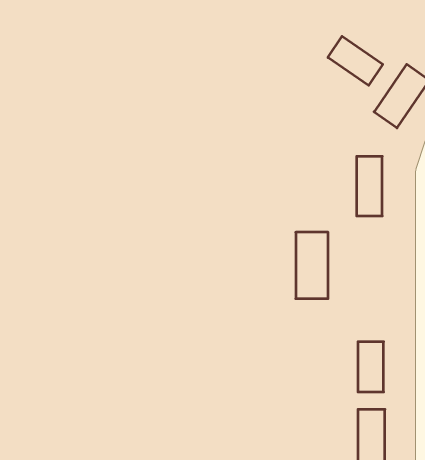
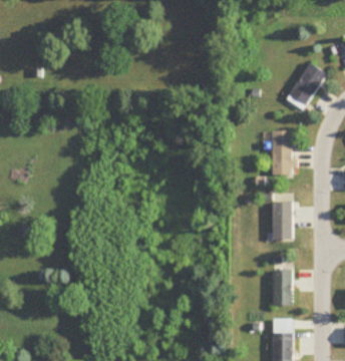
building: [328,36,383,85] -> none
building: [296,232,328,299] -> [271,193,295,242]

